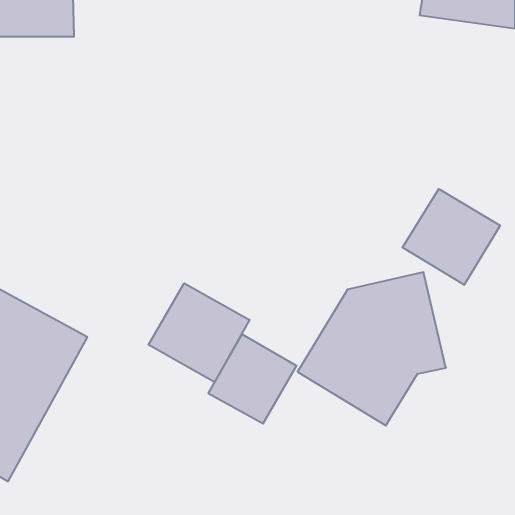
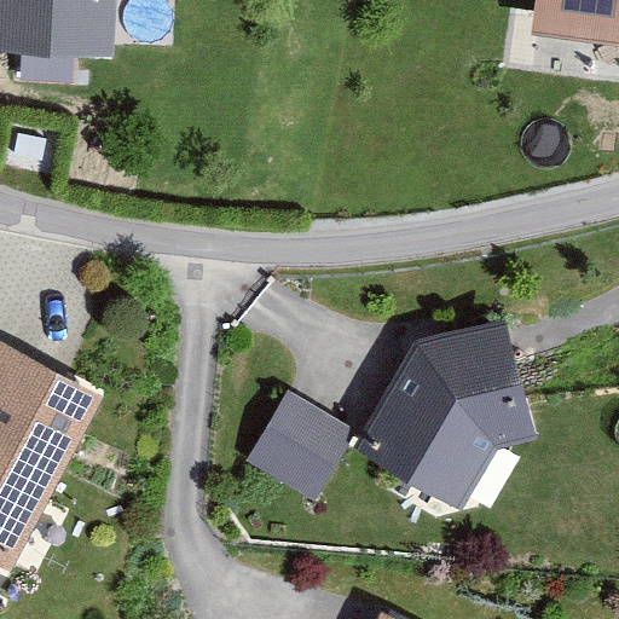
building: [402,189,500,285] -> none
building: [148,283,250,382] -> none

